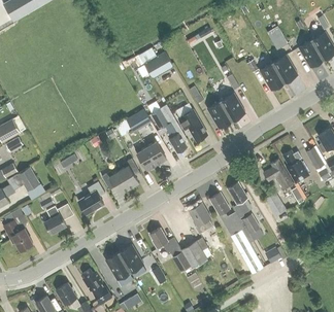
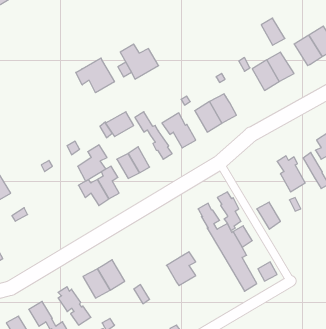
building: none -> [76,58,114,93]
building: [263,159,294,189] -> none
building: [78,181,105,214] -> [78,145,107,181]
building: [189,203,212,233] -> none
building: [44,204,73,234] -> none
building: [149,228,191,271] -> none

